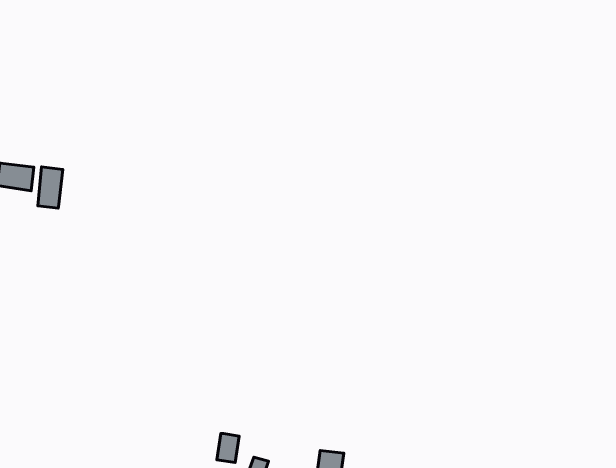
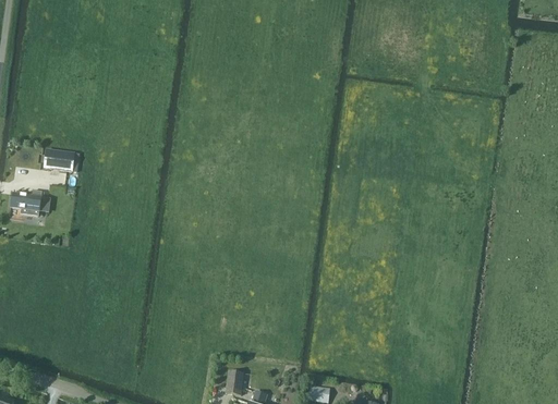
building: [38,167,63,208] -> none

